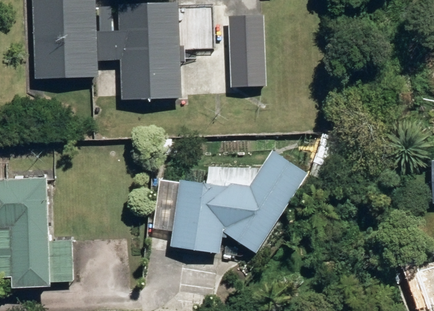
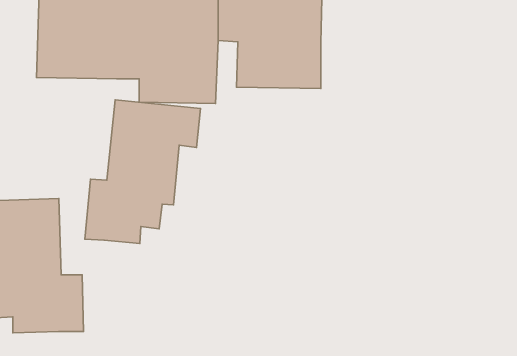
building: none -> [85,100,201,244]
building: [169,147,311,252] -> none

